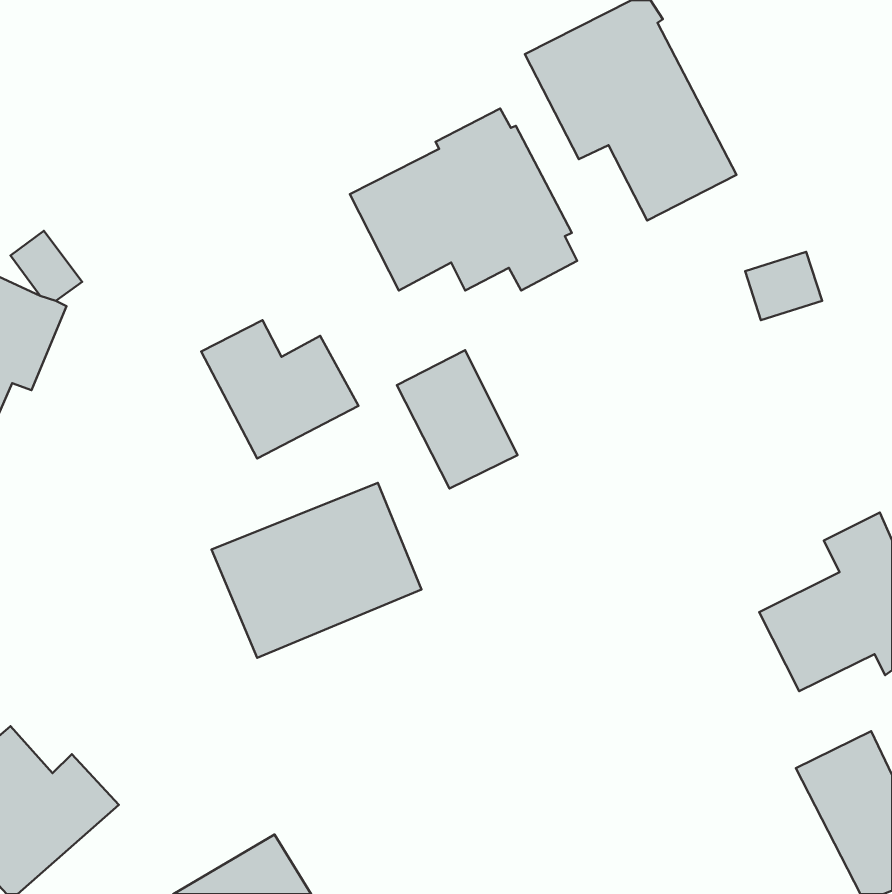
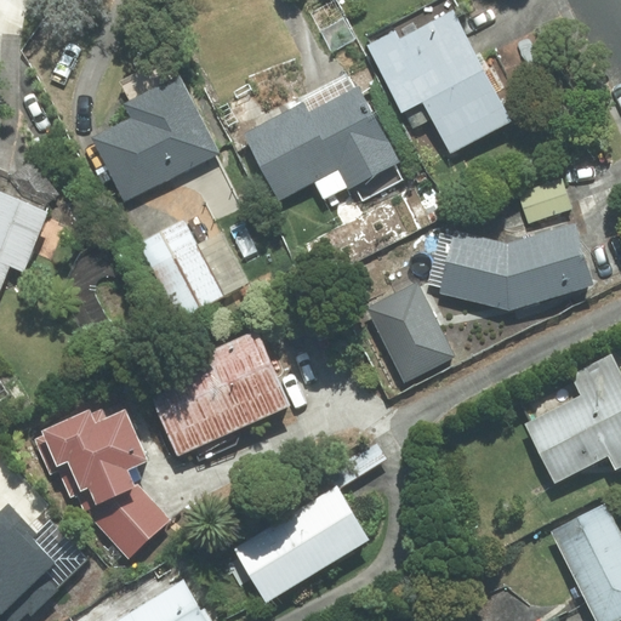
building: none -> [95,62,217,199]
building: none -> [439,224,592,309]
building: [397,350,518,488] -> [368,284,451,380]
building: none -> [42,404,173,559]
building: none -> [226,483,375,599]

